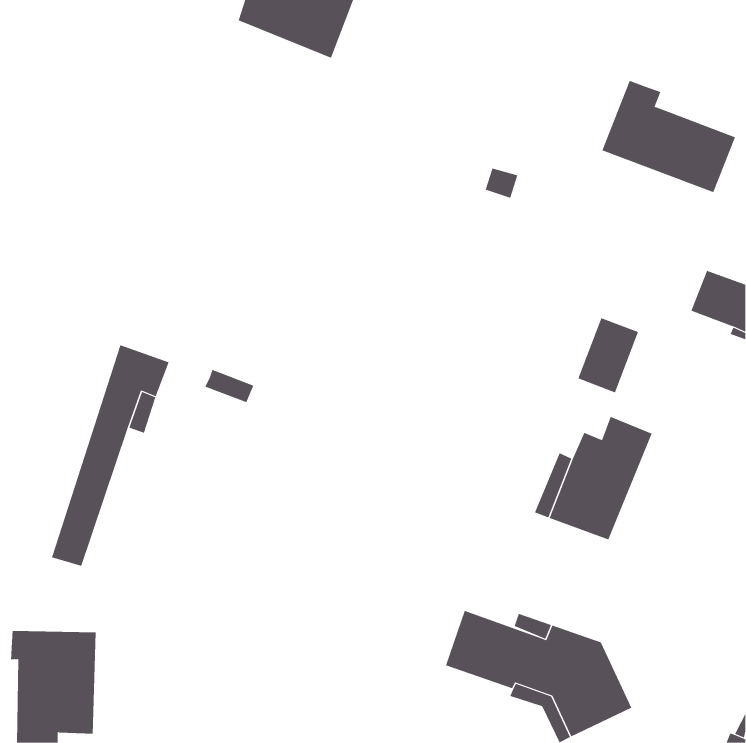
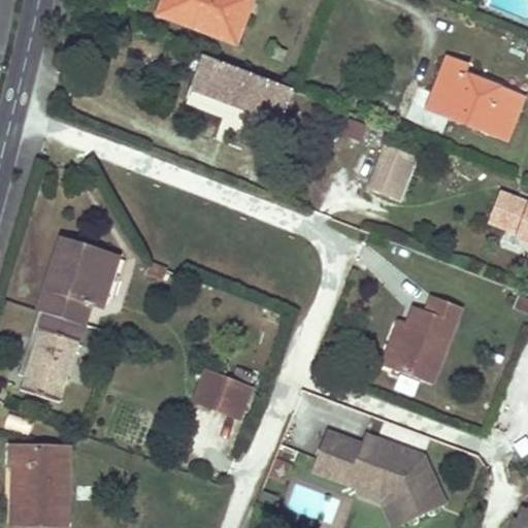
building: none -> [189,51,294,126]
building: [577,317,639,393] -> [373,146,417,200]
building: none -> [20,237,85,394]
building: none -> [201,374,256,422]

